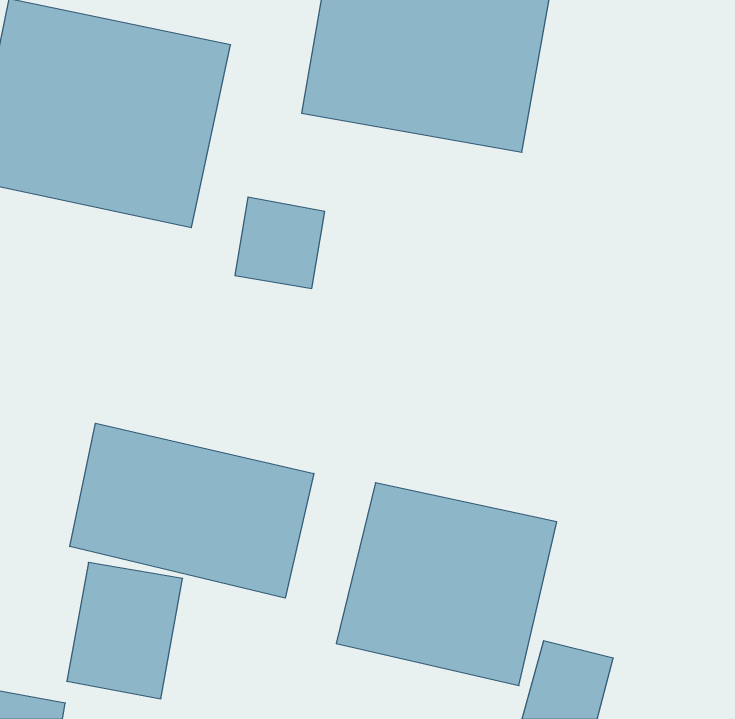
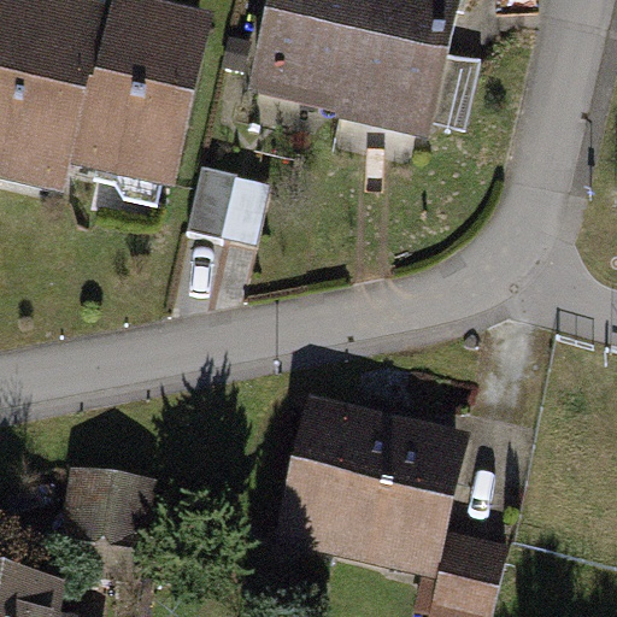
building: [70,423,314,598] -> none

